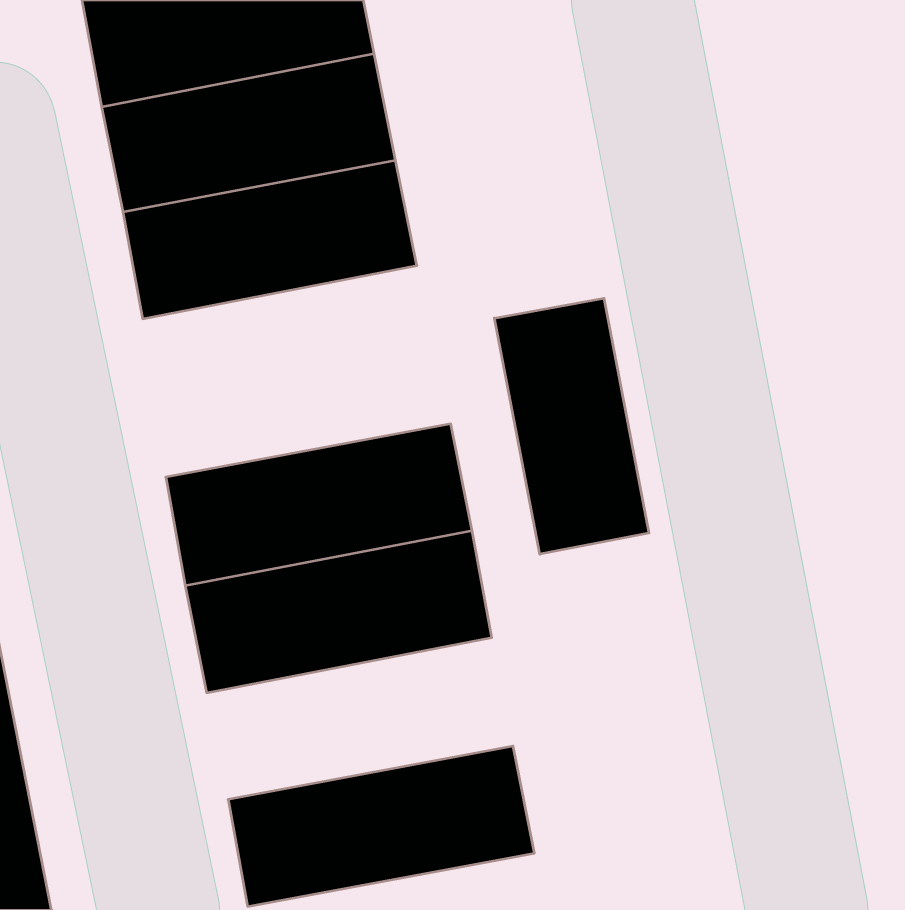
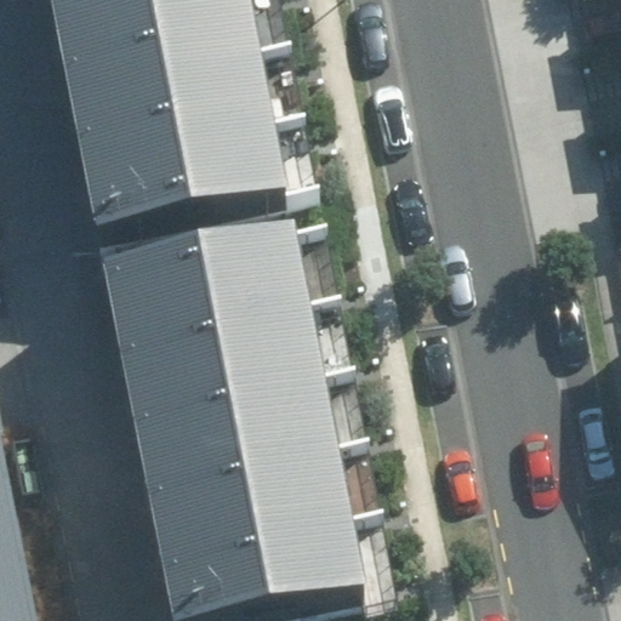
building: [494,298,649,554] -> none
building: none -> [98,216,307,325]
building: none -> [141,434,349,545]

